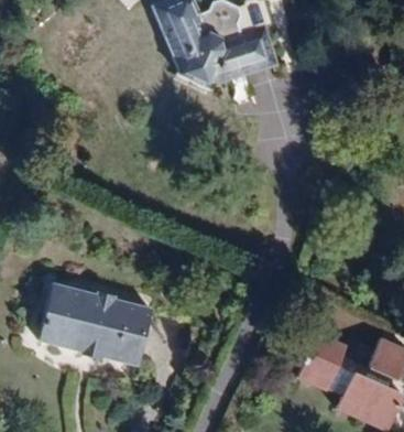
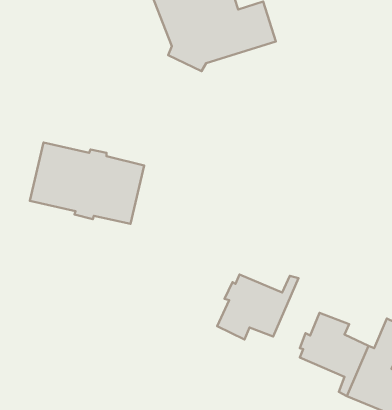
building: [40,285,150,364] -> [30,142,144,224]
building: none -> [217,274,298,340]

